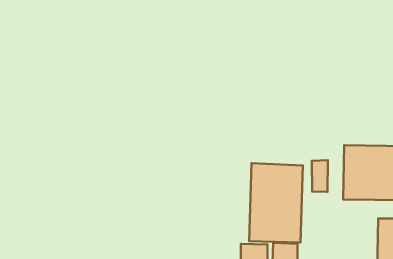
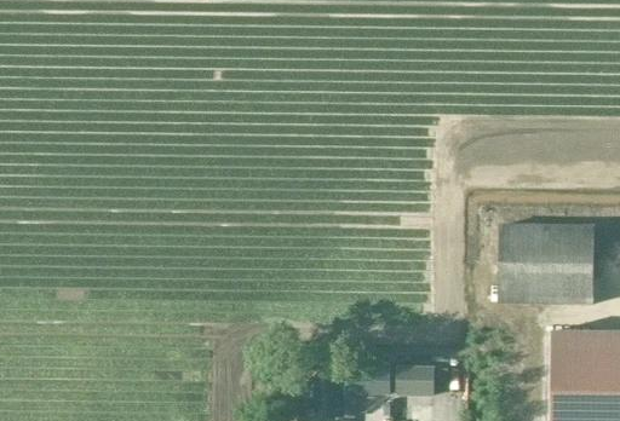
building: [312,160,328,192] -> none
building: [249,163,303,243] -> none

